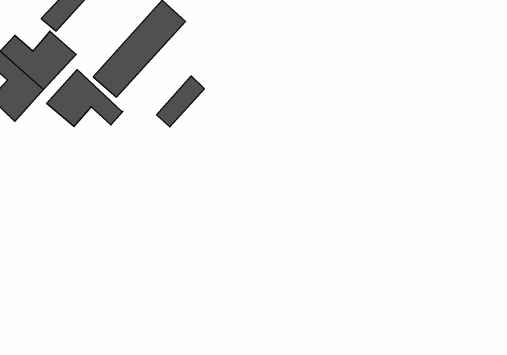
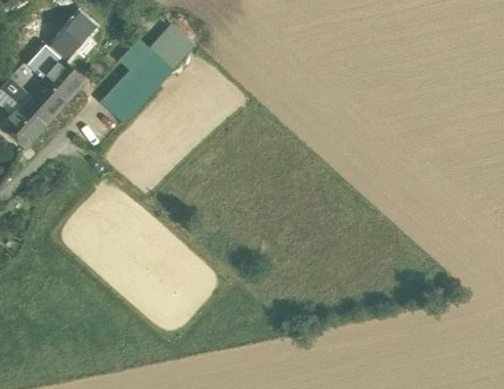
building: [47,70,123,127] -> none
building: [157,76,204,127] -> none

